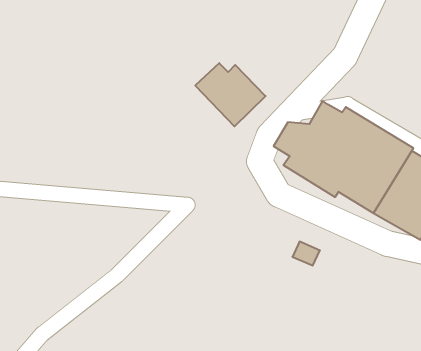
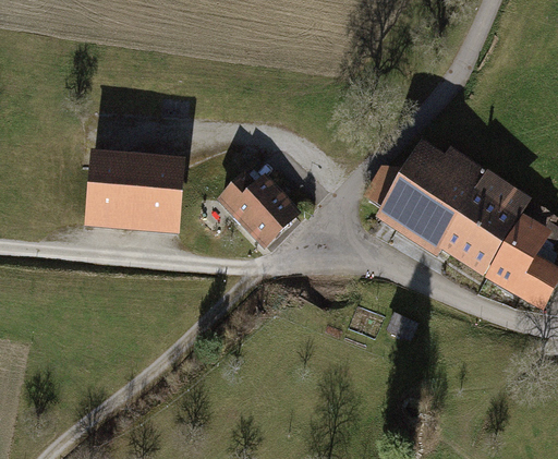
building: [195,63,266,126] -> [216,170,302,247]
building: none -> [84,149,185,233]

